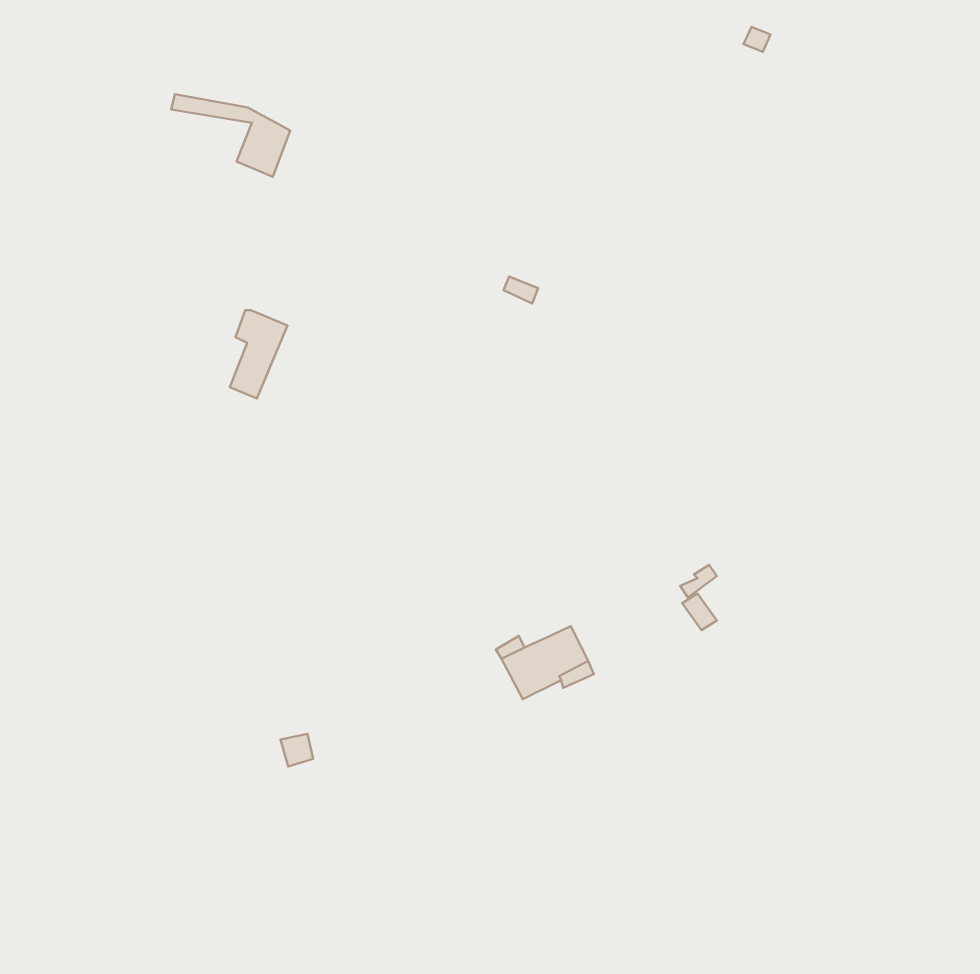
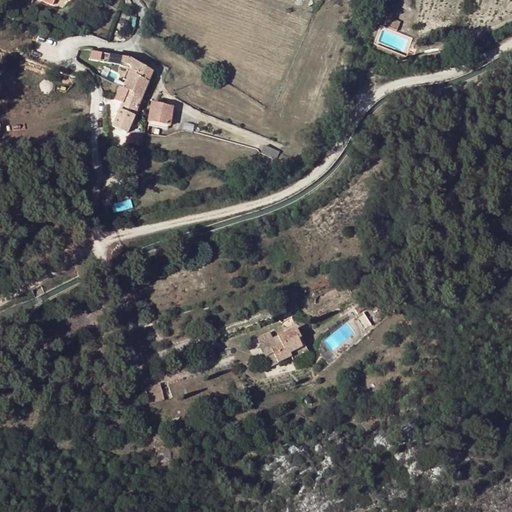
building: none -> [149,101,173,122]
building: [230,310,287,399] -> [113,84,143,130]

